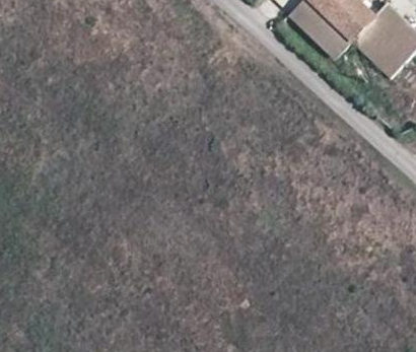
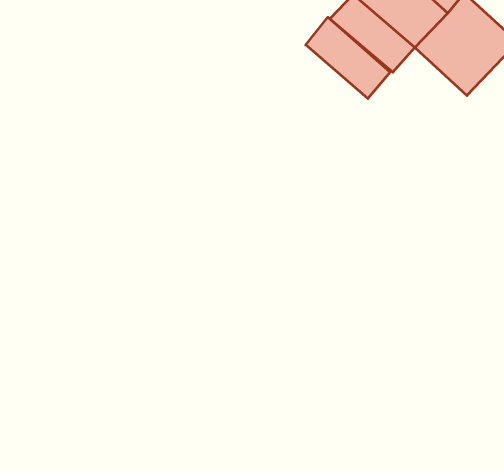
building: none -> [306,17,390,99]

